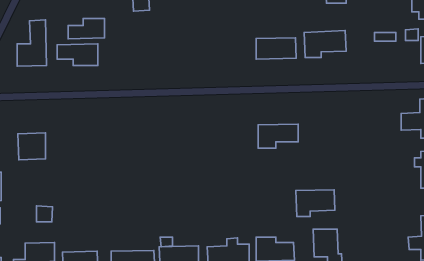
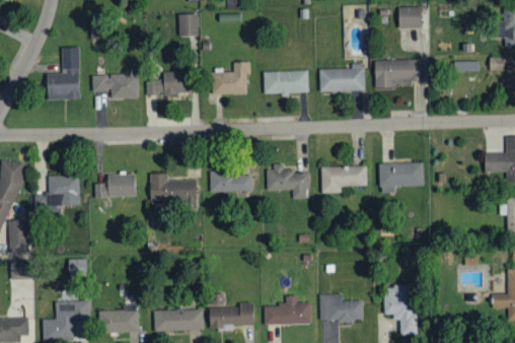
building: [68,18,105,39] -> [146,72,188,95]
building: none -> [212,62,250,94]
building: none -> [263,70,308,93]
building: none -> [267,163,309,199]
building: none -> [94,173,135,198]
building: none -> [210,173,252,192]
building: none -> [149,174,197,202]
building: [296,190,335,216] -> [379,162,424,193]

